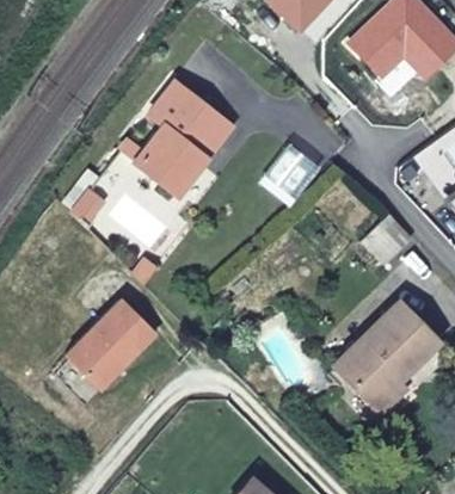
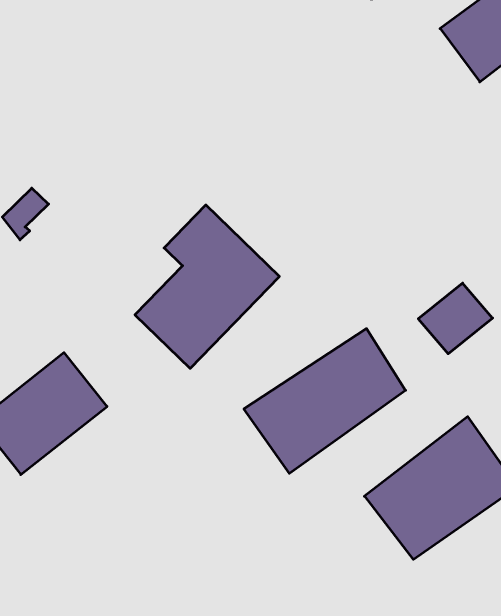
building: [134,68,230,183] -> [135,205,279,368]
building: none -> [244,329,406,473]

